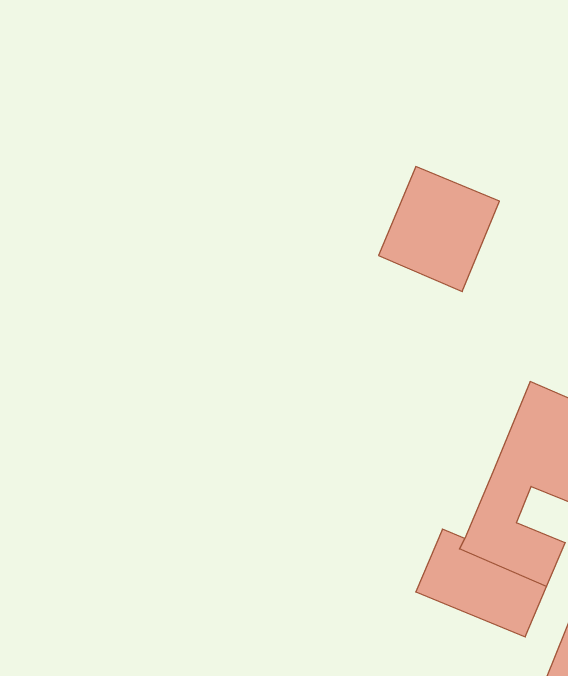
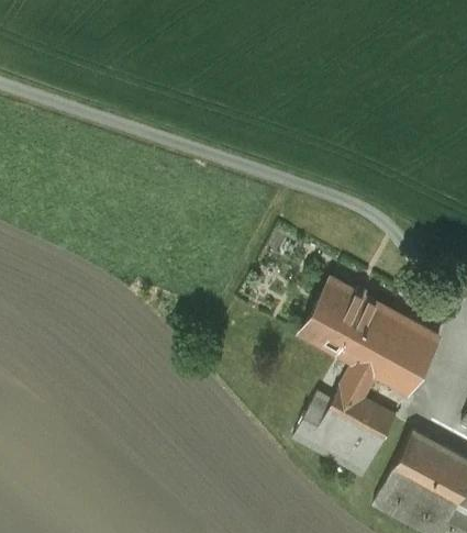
building: [379,167,499,292] -> [301,278,385,364]

